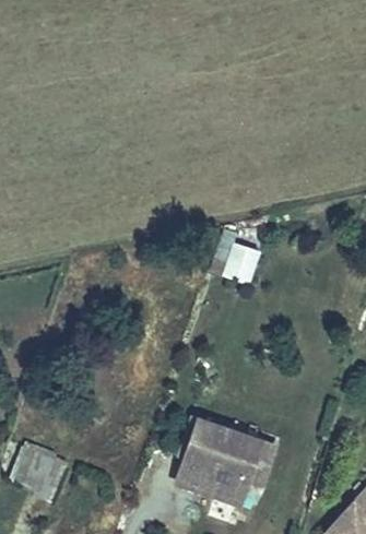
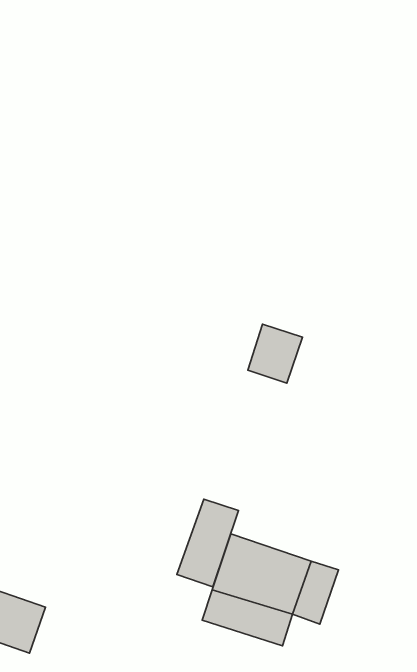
building: none -> [177,499,239,587]

